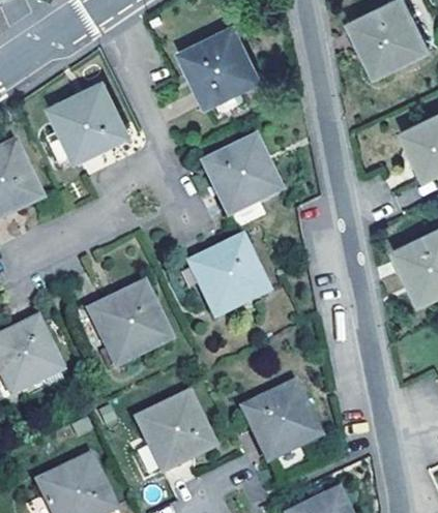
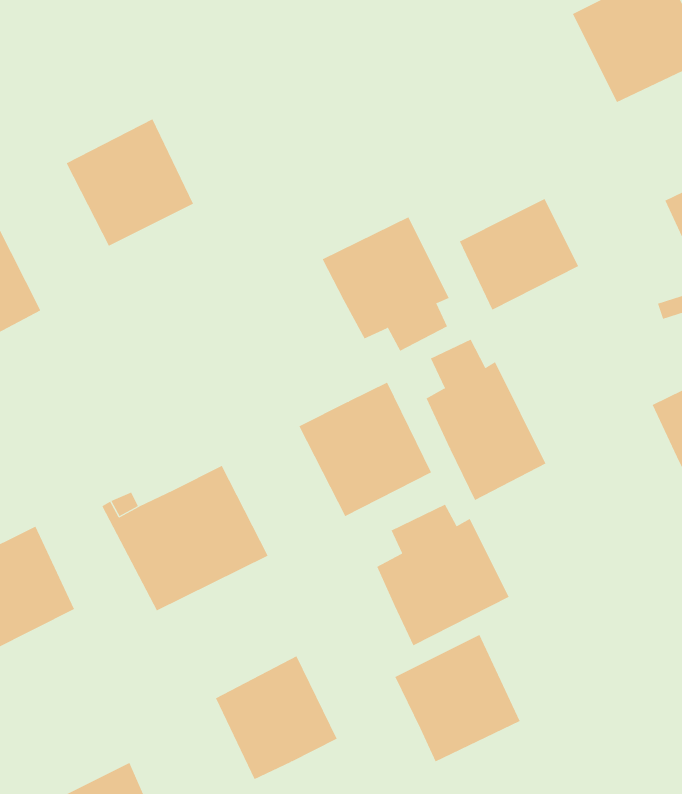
building: [180,27,260,105] -> none
building: none -> [459,198,579,311]
building: none -> [426,339,546,501]
building: none -> [376,504,509,646]

